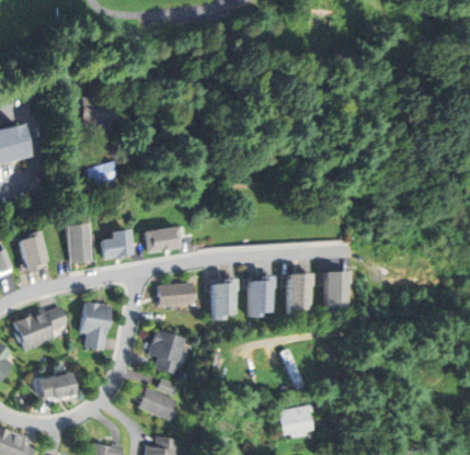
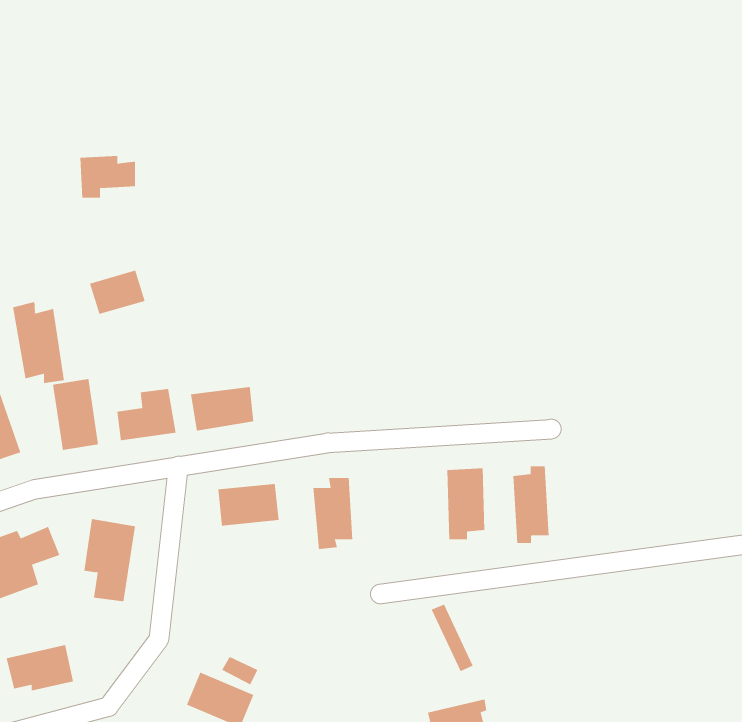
building: none -> [12,301,64,384]
building: [250,276,272,317] -> none
building: [153,331,188,374] -> none

